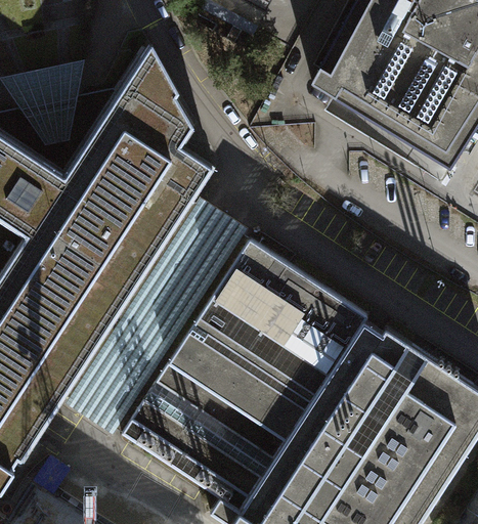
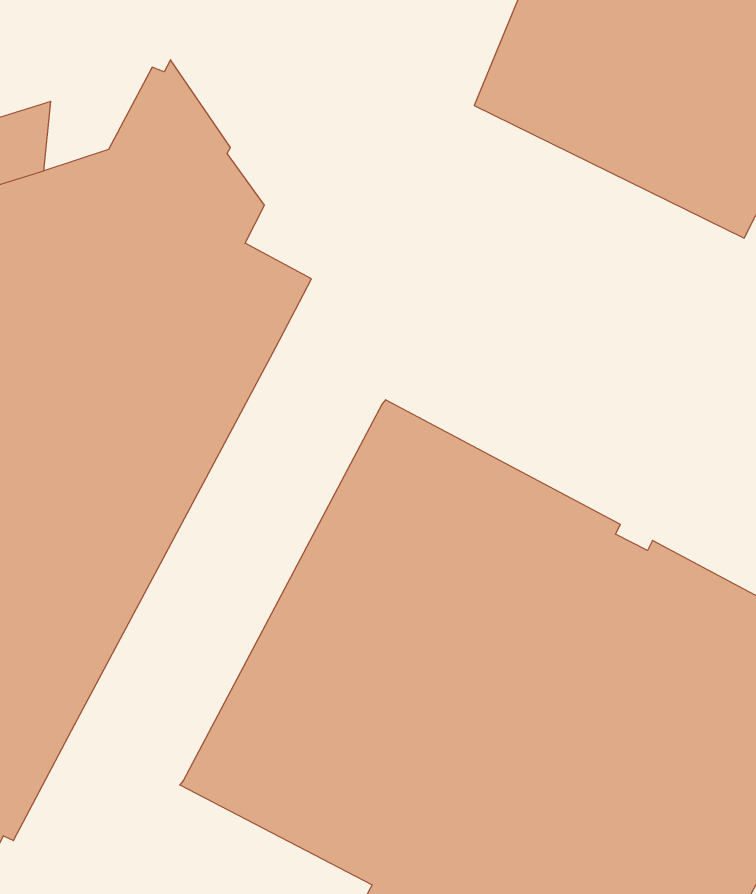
building: [66,200,247,433] -> none

